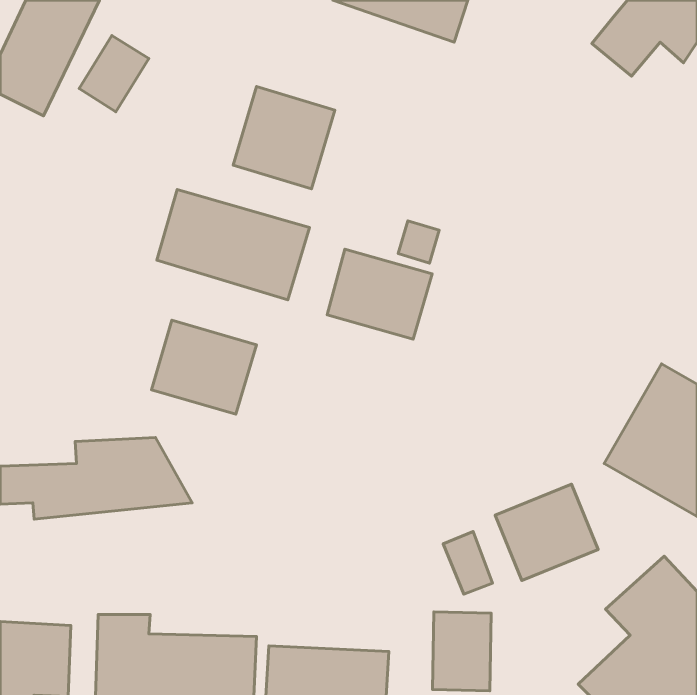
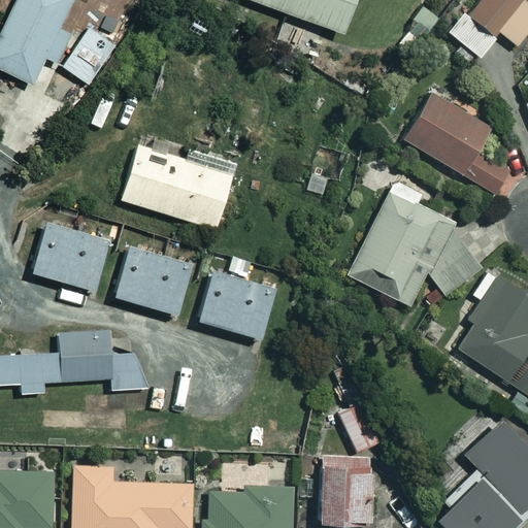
building: [233,87,335,189] -> none
building: none -> [403,91,509,193]
building: [327,249,432,339] -> [199,271,278,339]
building: none -> [346,191,478,301]
building: none -> [32,222,110,289]
building: [495,484,598,580] -> none

